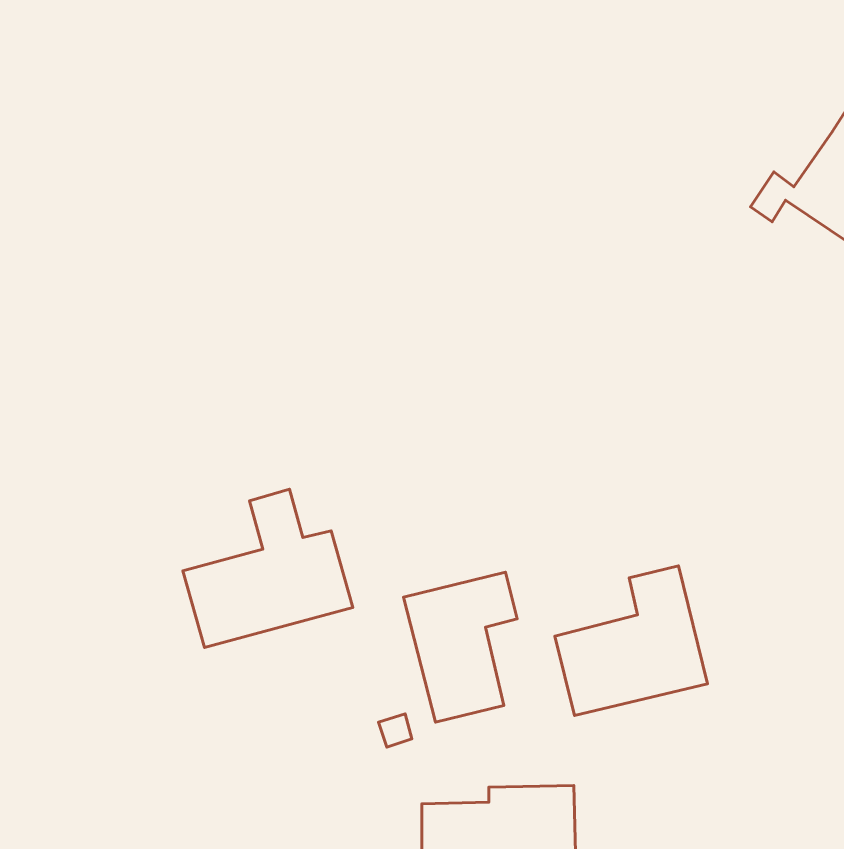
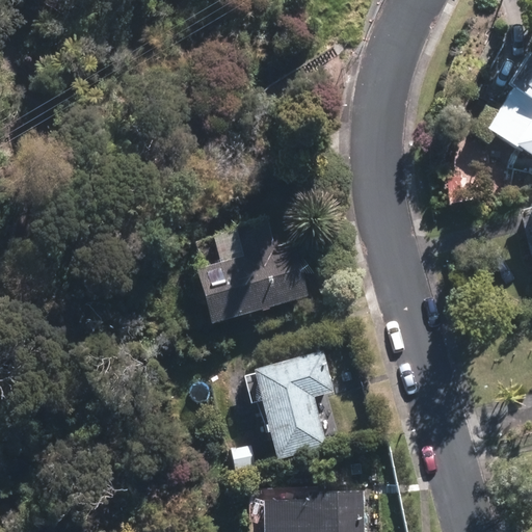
building: [183,489,353,648] -> [197,219,303,318]
building: [555,566,708,715] -> none

